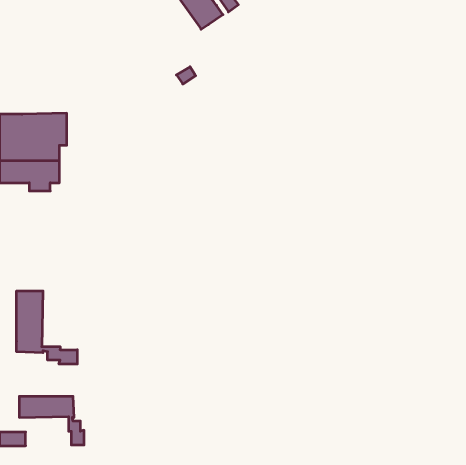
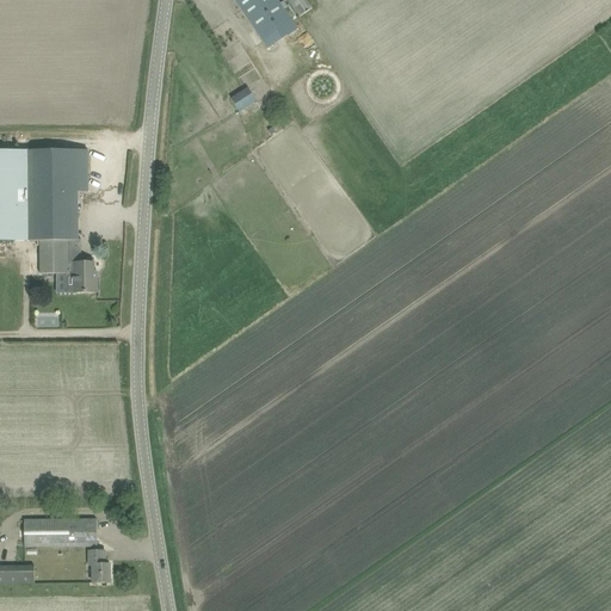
building: none -> [38,249,97,291]
building: [17,291,77,364] -> none

